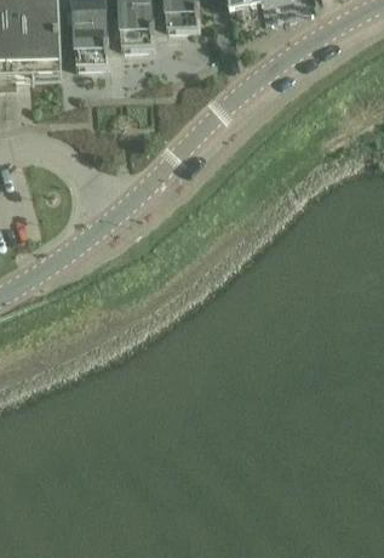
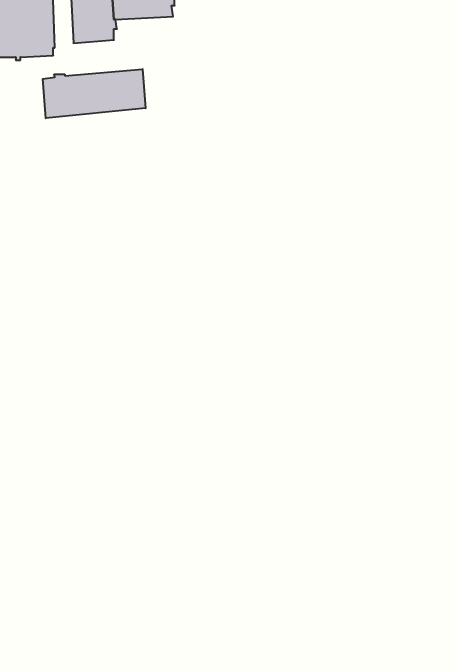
building: none -> [43,69,146,118]

